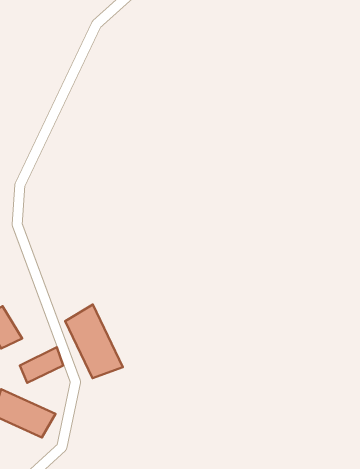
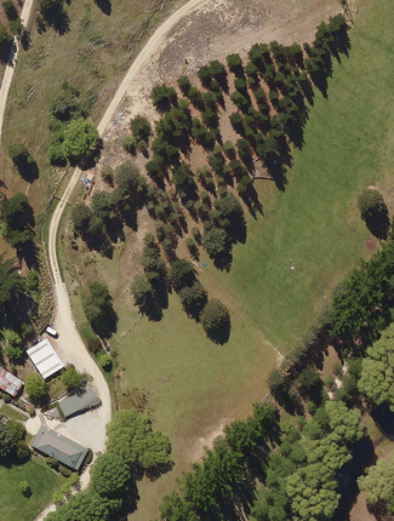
building: [65,305,123,378] -> none

